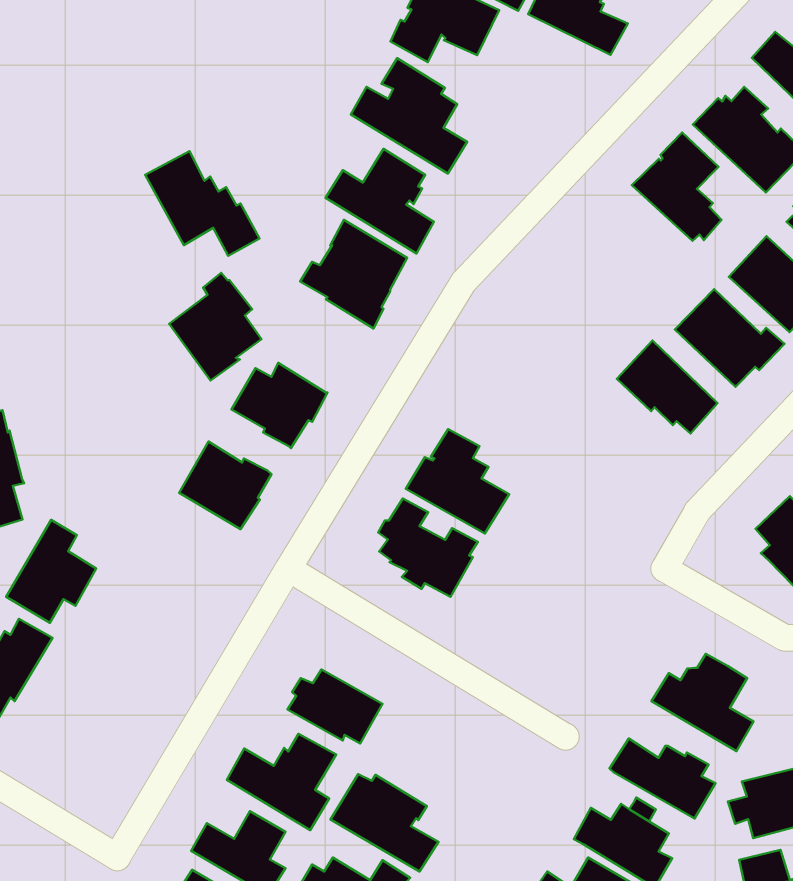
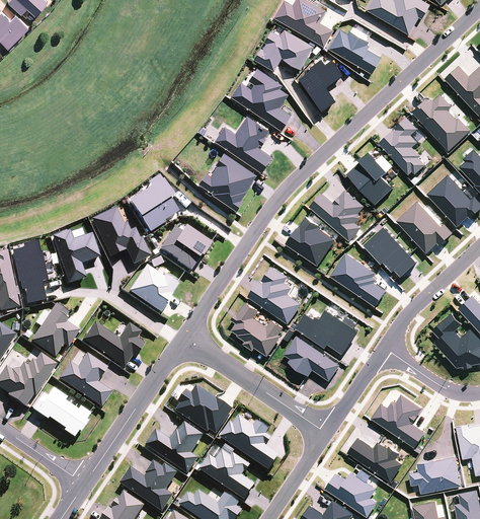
building: none -> [298,58,342,109]
building: [145,151,260,256] -> [90,208,149,265]
building: none -> [347,150,393,204]
building: none -> [309,189,365,240]
building: none -> [287,216,335,265]
building: none -> [51,230,98,284]
building: none -> [329,251,387,306]
building: none -> [297,308,359,353]
building: none -> [285,333,341,379]
building: none -> [82,321,143,367]
building: none -> [58,353,110,407]
building: none -> [30,387,89,437]
building: none -> [218,416,278,471]

